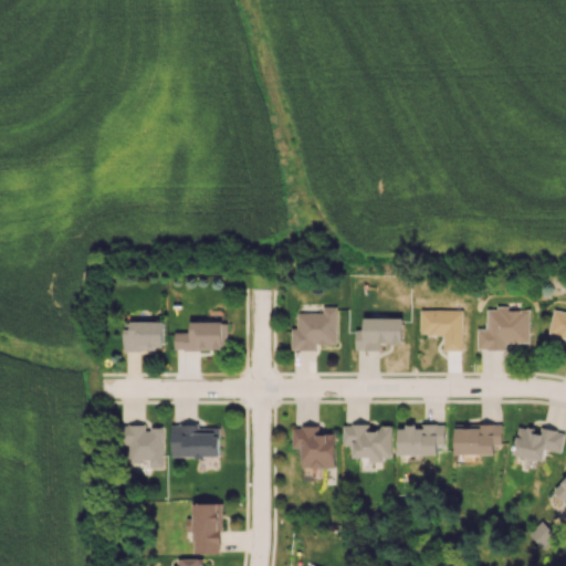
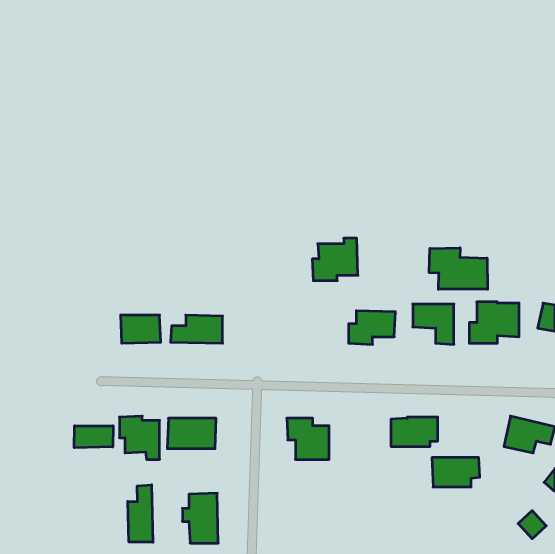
building: none -> [429,248,488,289]
building: [291,307,337,350] -> [312,238,358,281]
building: [343,424,392,460] -> none
building: [454,424,503,454] -> [432,458,480,487]
building: none -> [74,426,113,448]
building: none -> [128,485,153,542]

